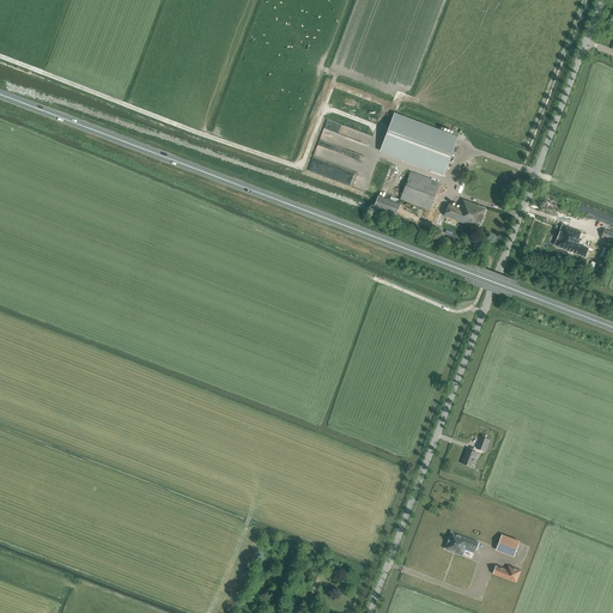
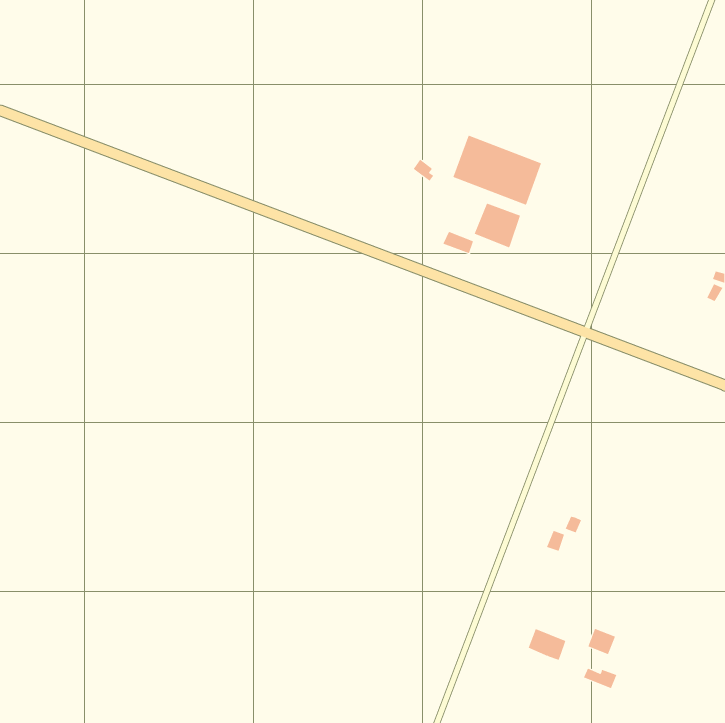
building: [444,199,486,229] -> none
building: [554,225,589,256] -> none

